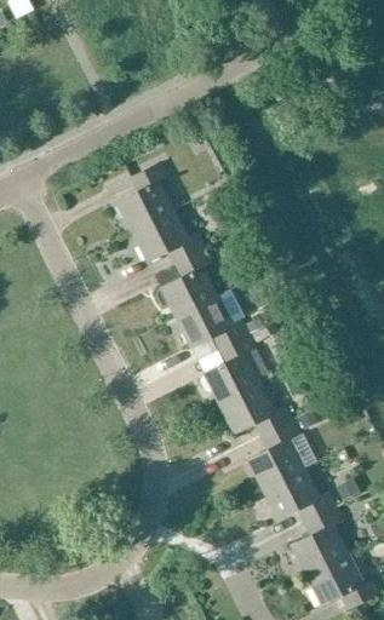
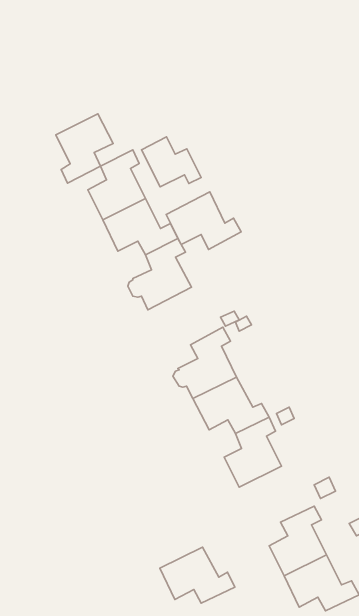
building: none -> [56,114,113,183]
building: none -> [142,137,201,187]
building: [173,295,246,351] -> [166,192,241,249]
building: [262,469,334,523] -> [160,547,235,603]

